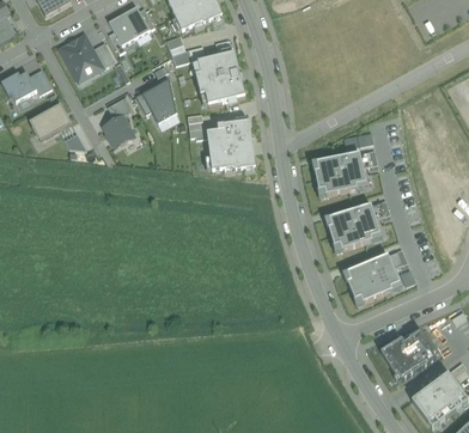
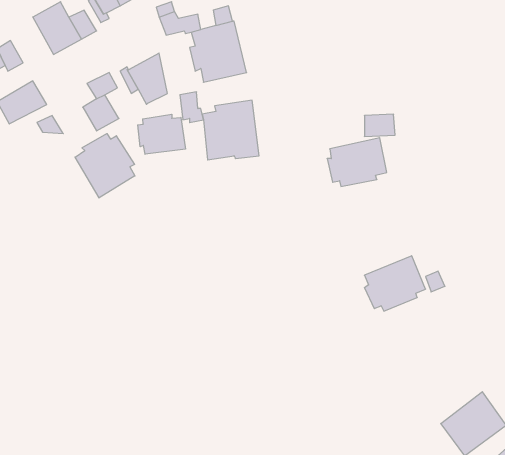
building: none -> [138,114,185,154]
building: none -> [75,134,135,198]
building: [328,203,379,249] -> none
building: [379,329,436,379] -> none

